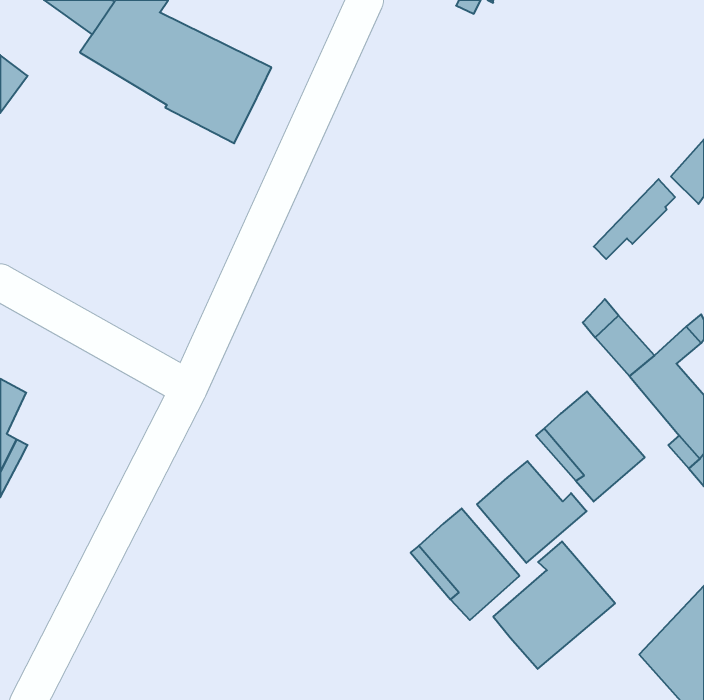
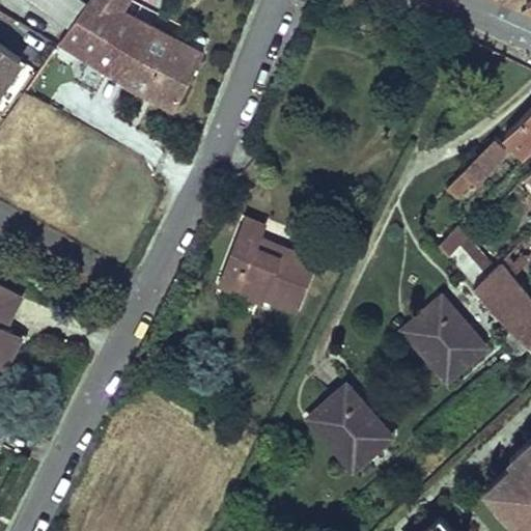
building: none -> [220,219,316,312]
building: [477,461,587,563] -> none
building: [493,541,615,669] -> none

